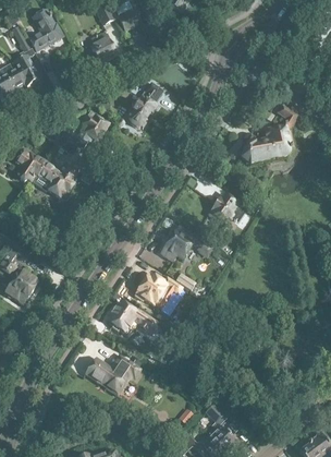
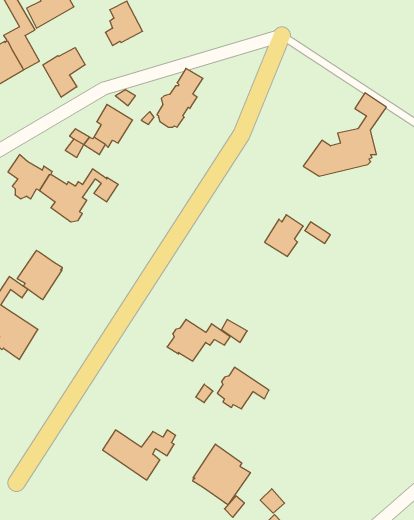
building: none -> [43,48,85,97]
building: none -> [17,250,62,300]
building: [161,225,201,260] -> none
building: [108,300,147,332] -> [217,367,269,409]
building: none -> [193,444,250,505]

